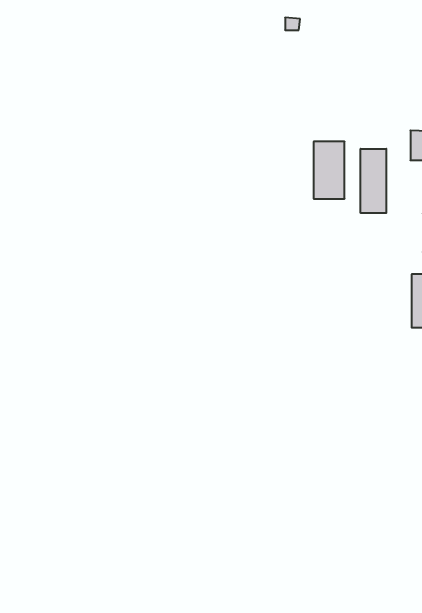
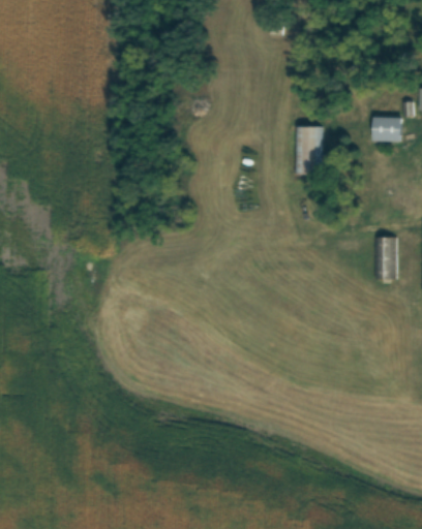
building: [361,149,386,213] -> none

